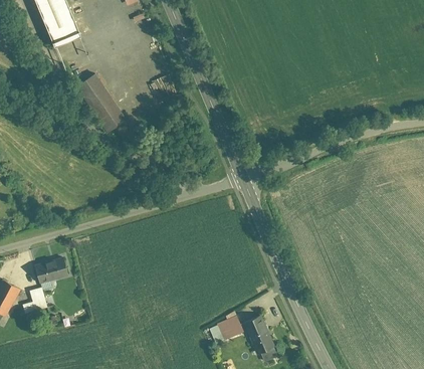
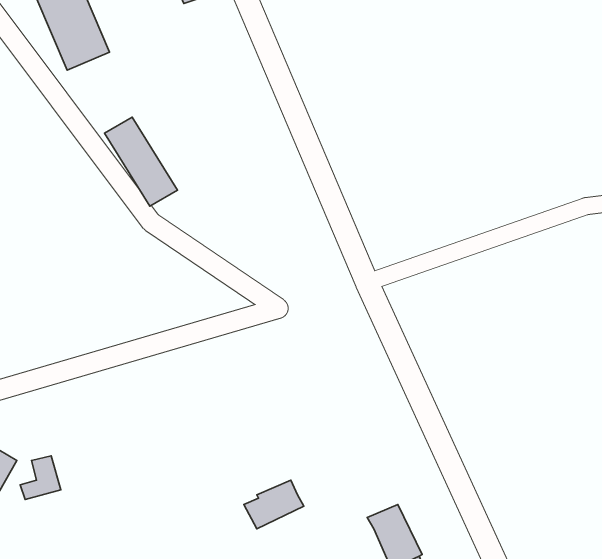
building: [37,255,73,282] -> none
building: [207,315,244,345] -> [244,480,304,529]

